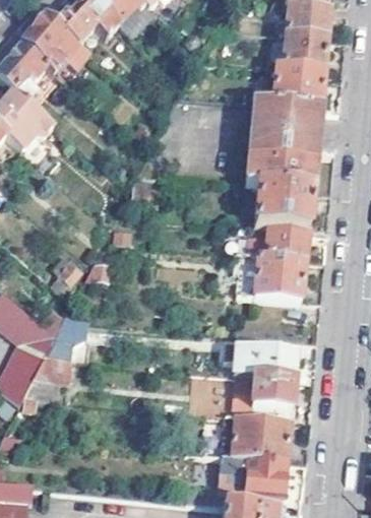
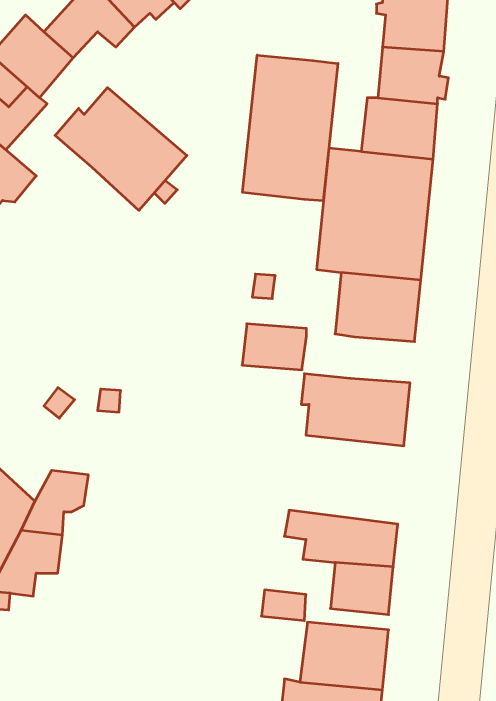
building: none -> [243,55,338,201]
building: none -> [55,88,187,210]
building: [264,225,307,256] -> [242,324,306,370]

